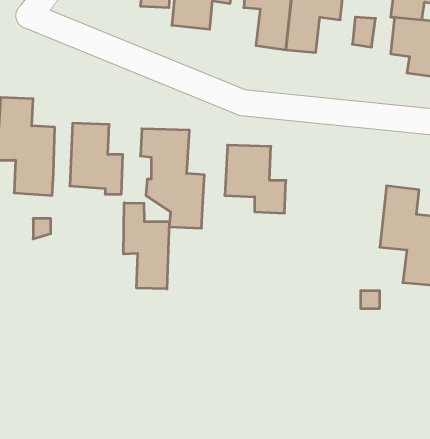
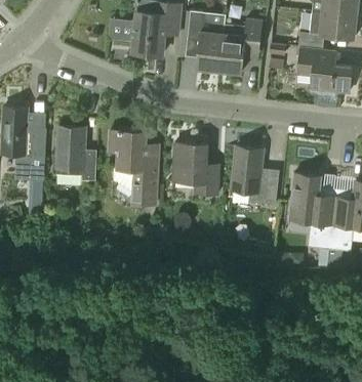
building: none -> [231,146,278,204]
building: [124,203,169,289] -> none

